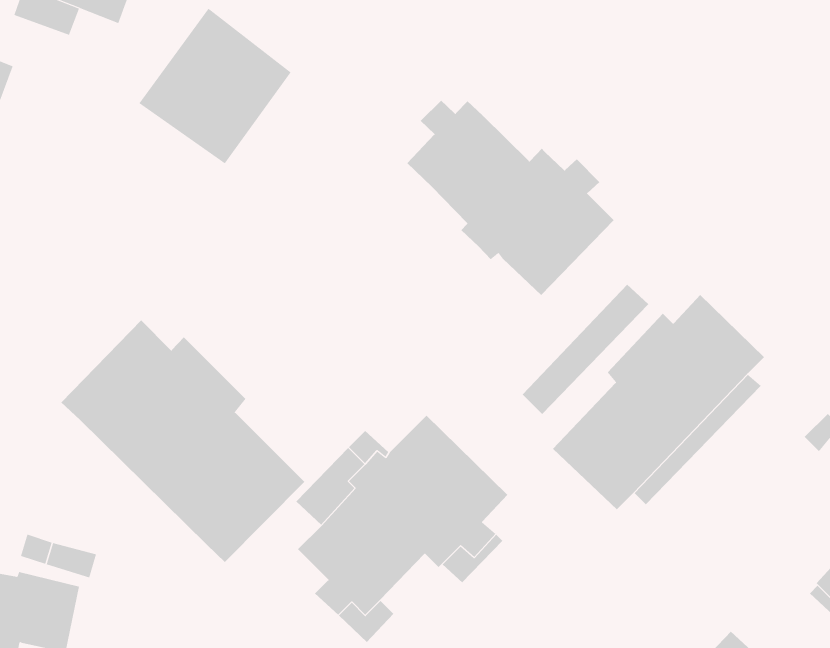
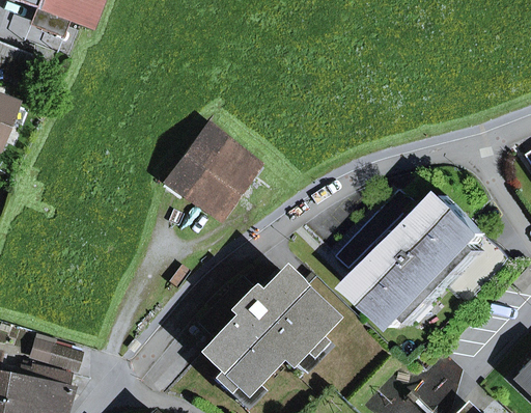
building: [138,8,292,164] -> [166,122,259,218]
building: [406,100,614,296] -> none
building: [61,320,305,563] -> none

